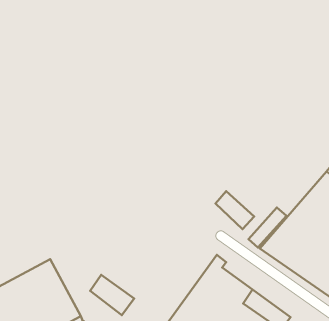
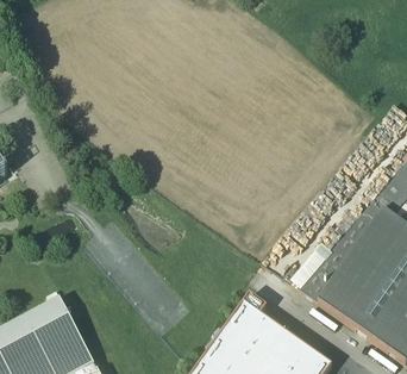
building: [215,191,254,229] -> none
building: [90,275,134,315] -> none

